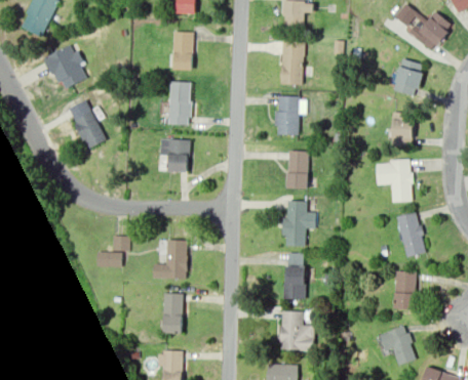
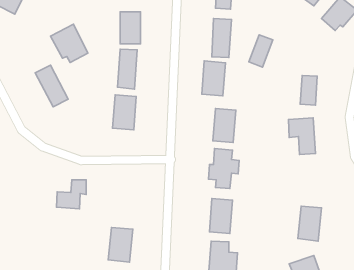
building: [43,44,88,90] -> [51,24,88,63]
building: [393,57,422,96] -> [249,35,273,67]
building: [393,210,429,256] -> none
building: [152,238,185,283] -> none

